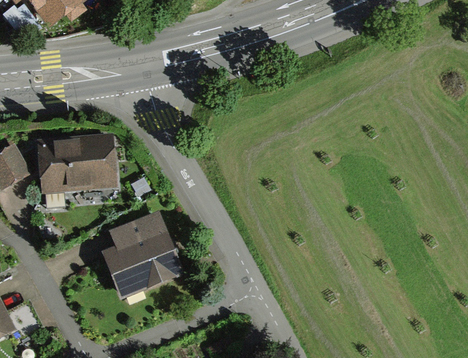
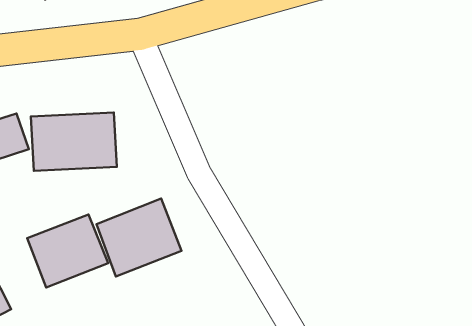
building: none -> [27,215,108,287]

